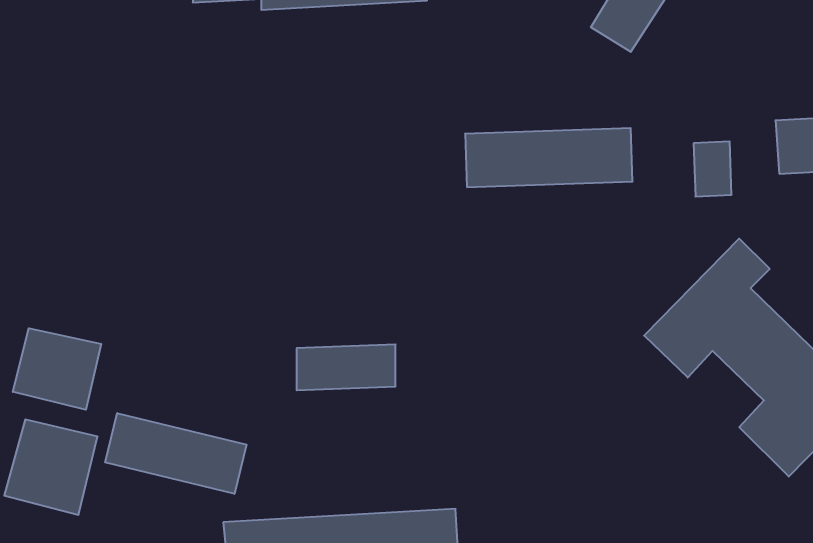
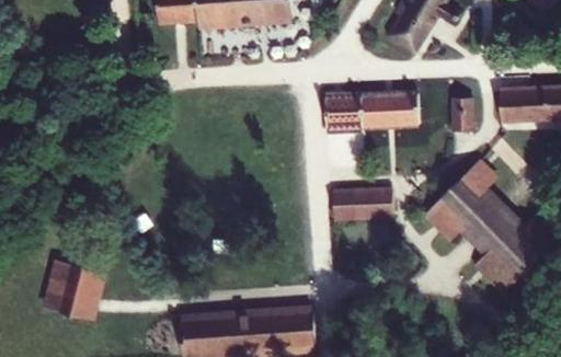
building: [13,328,101,410] -> none
building: [297,344,396,390] -> [330,191,387,217]
building: [105,413,247,494] -> none

